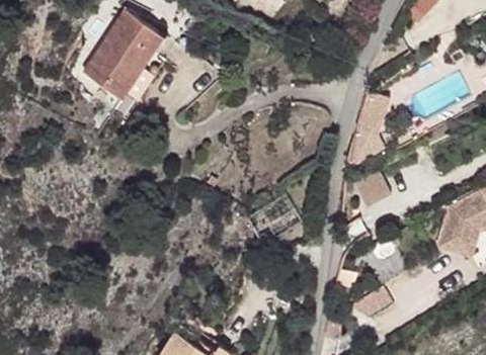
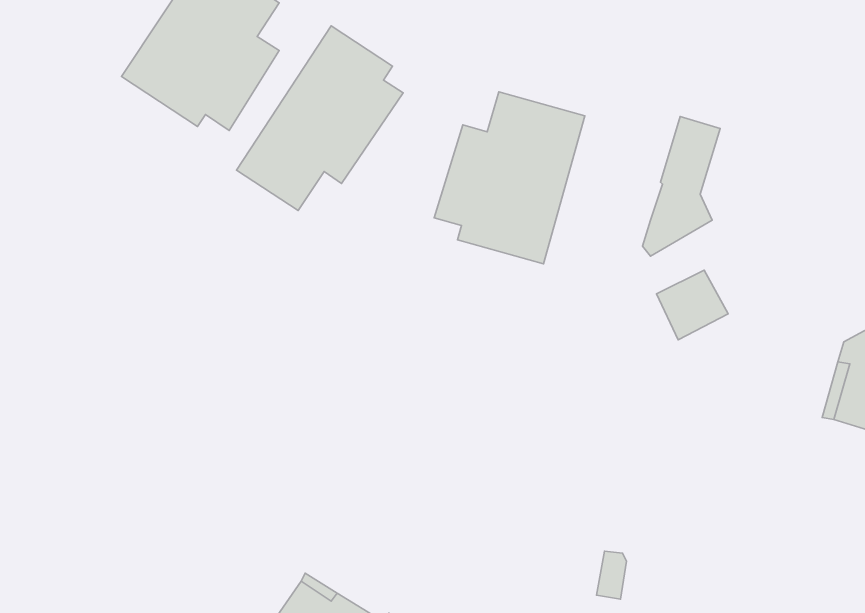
building: none -> [236,26,403,211]
building: none -> [434,92,585,264]

